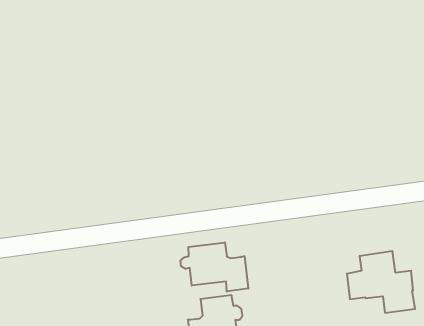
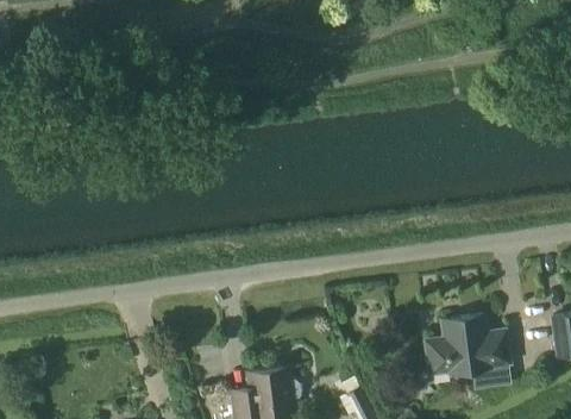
building: [181,242,248,292] -> none

